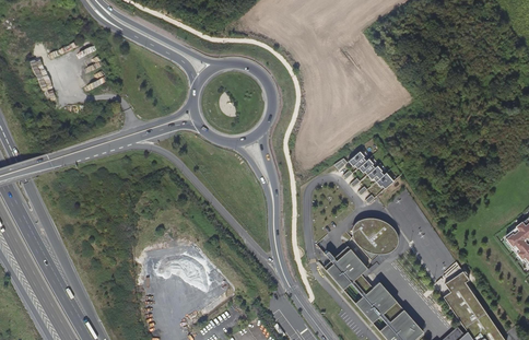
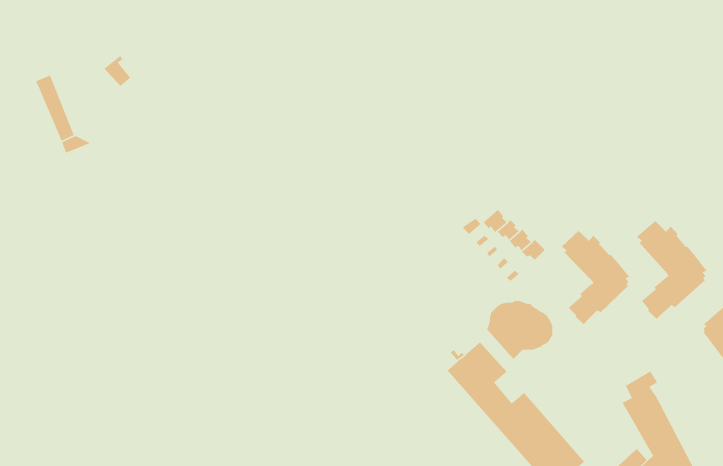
building: none -> [636,220,708,319]
building: none -> [561,230,631,325]

